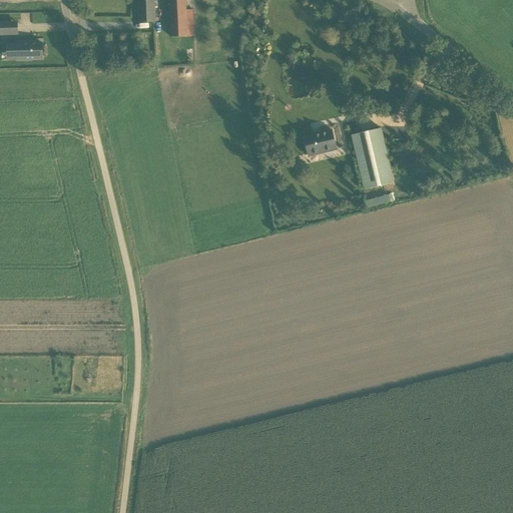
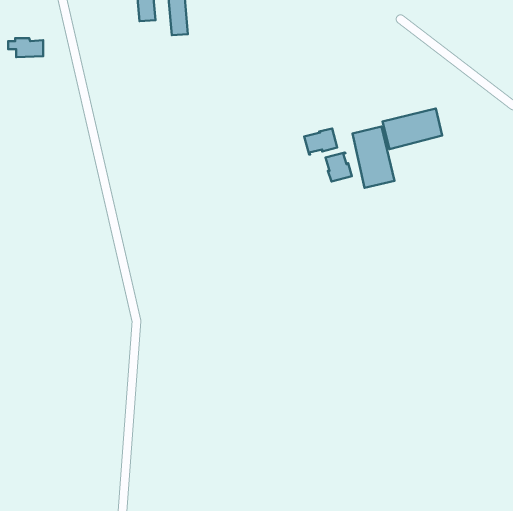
building: none -> [383,109,442,149]
building: none -> [325,152,352,182]

